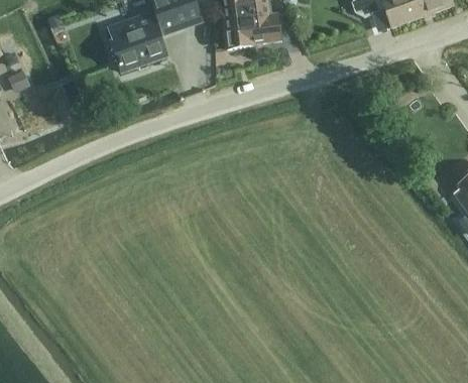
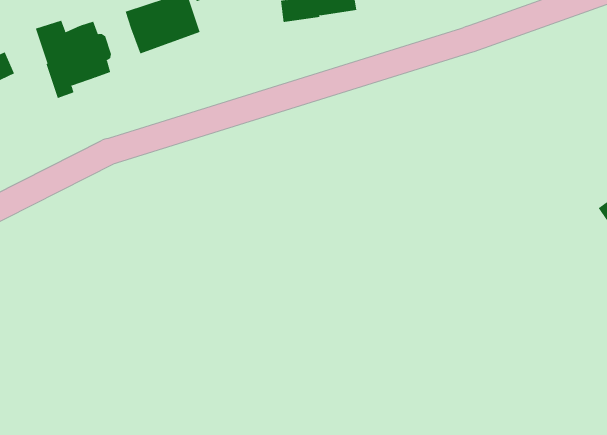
building: none -> [35,20,112,99]

